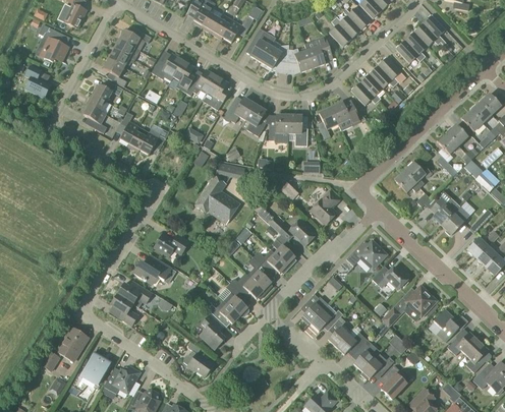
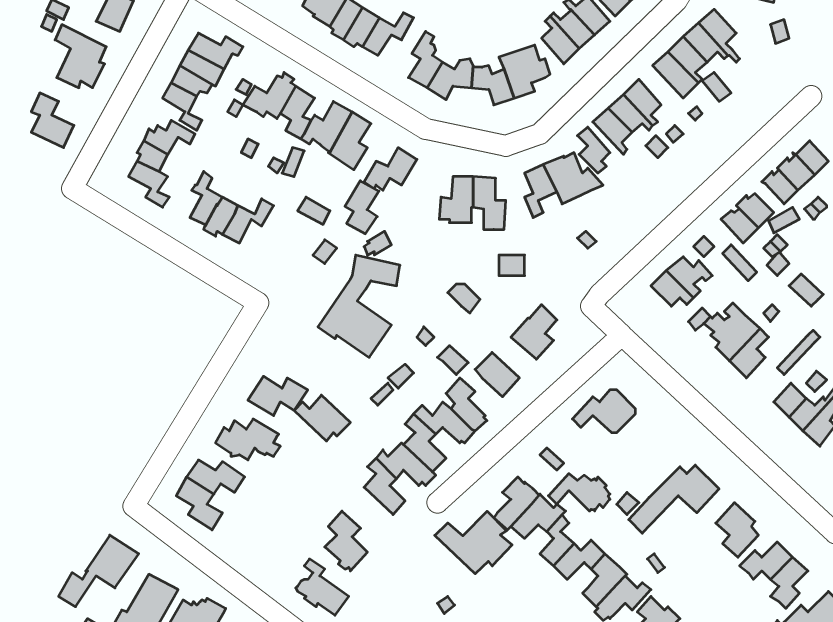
building: [245,105,266,136] -> [345,181,379,234]
building: [372,267,408,289] -> [548,474,610,511]
building: [207,300,240,328] -> [294,395,350,441]
building: none -> [435,511,512,574]

